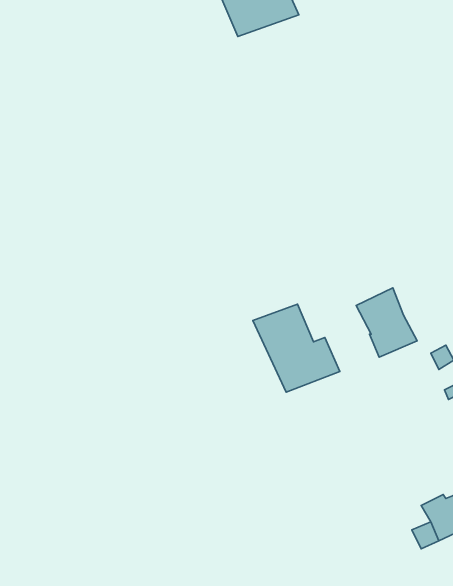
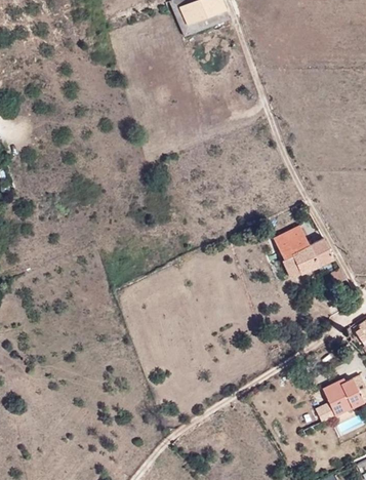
building: [253,304,340,392] -> none
building: none -> [309,238,334,266]

